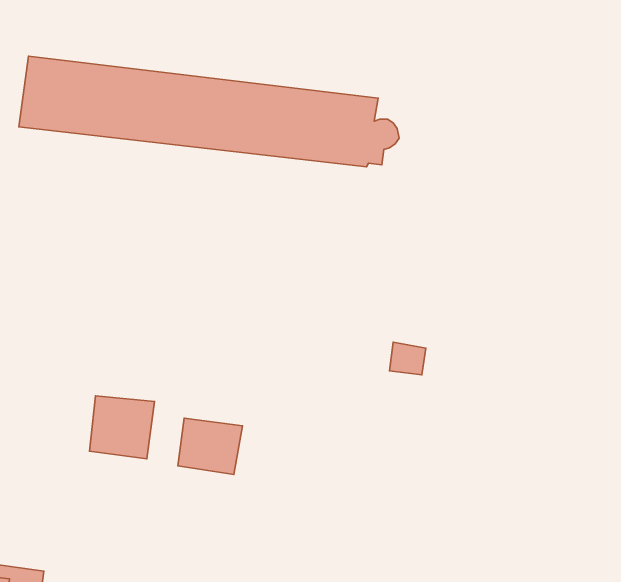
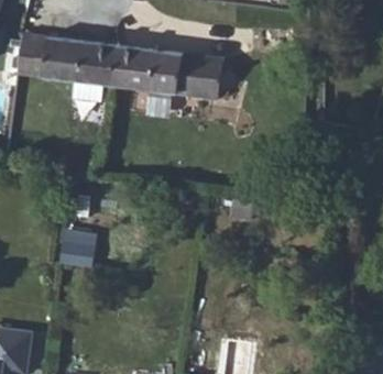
building: [178,418,242,475] -> none

